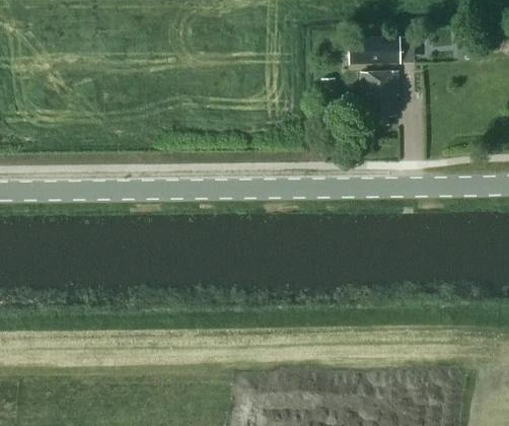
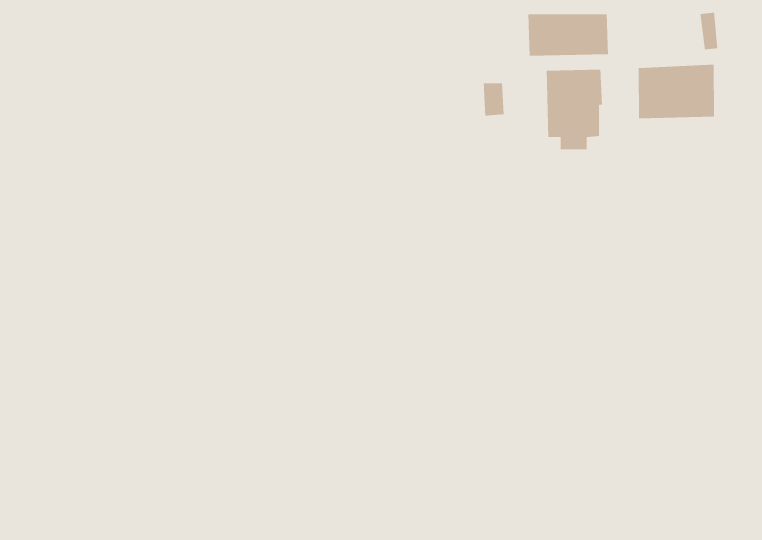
building: none -> [638,64,715,119]

